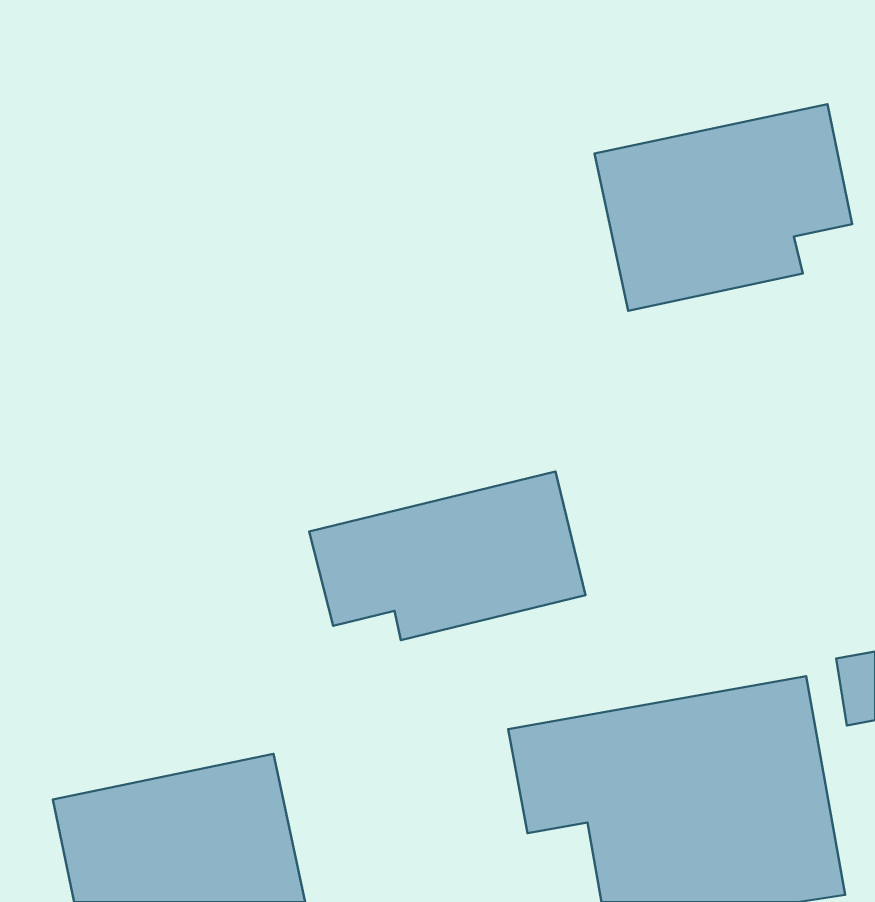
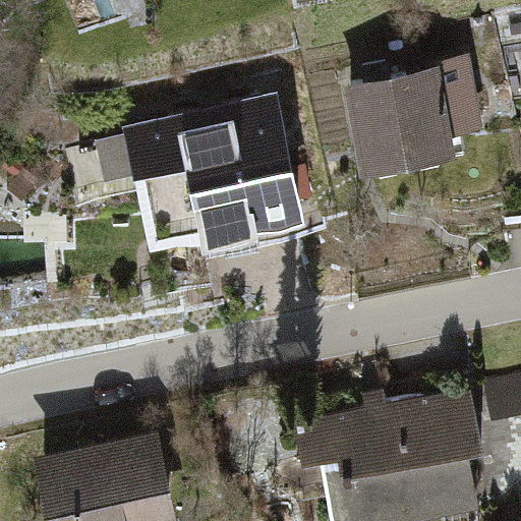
building: none -> [88,102,302,242]
building: [309,471,585,640] -> none

